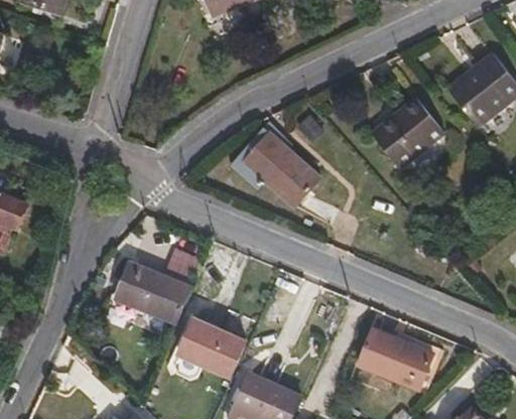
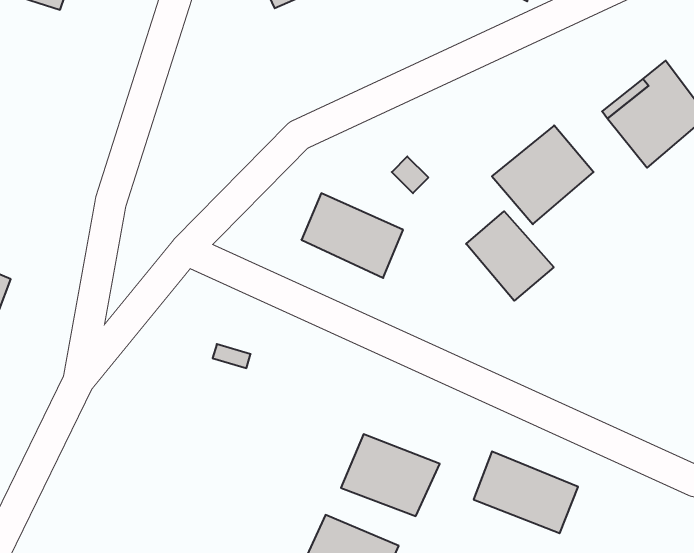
building: none -> [466,211,554,301]
building: [113,259,190,320] -> none
building: [177,318,248,377] -> [341,434,440,516]

